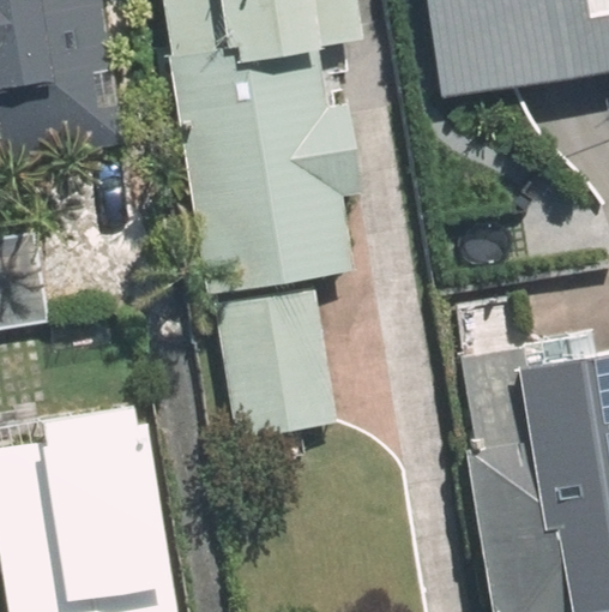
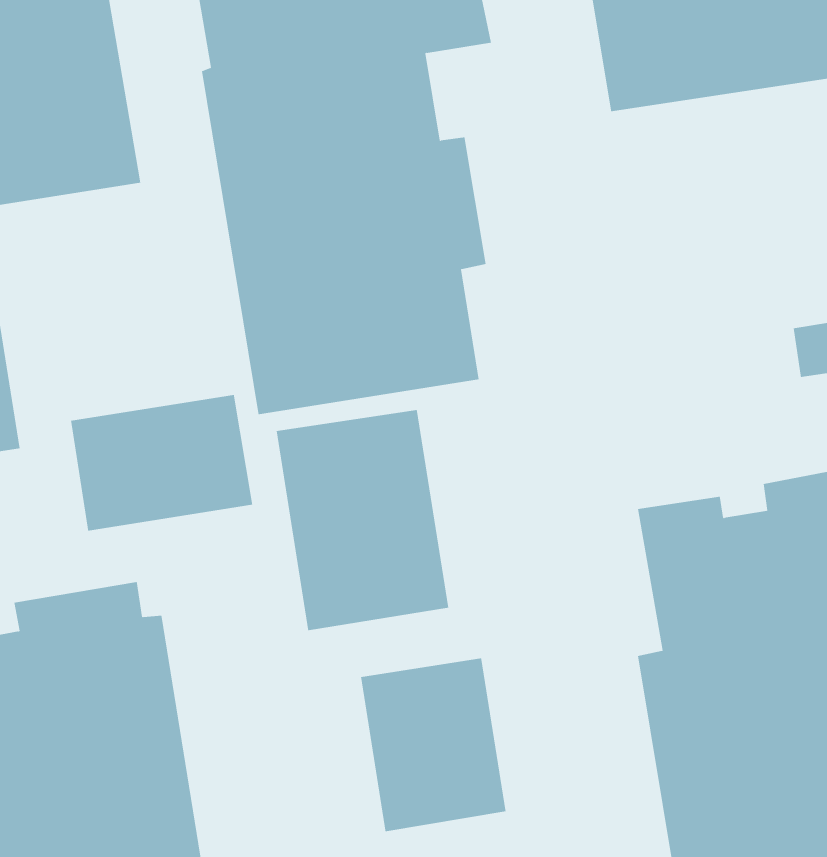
building: none -> [71,394,253,531]
building: none -> [360,657,506,832]

